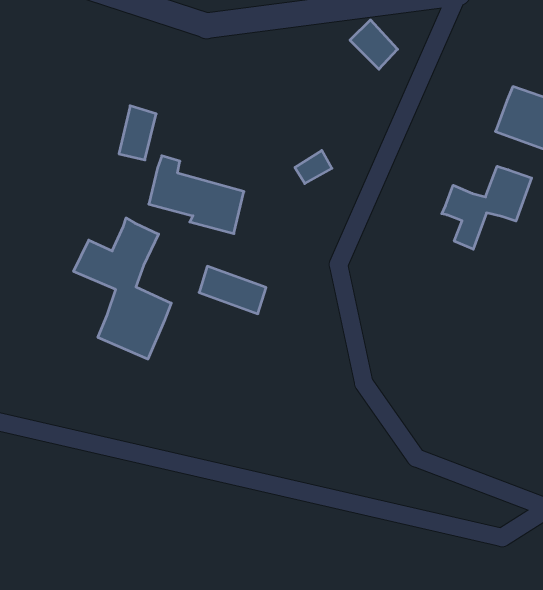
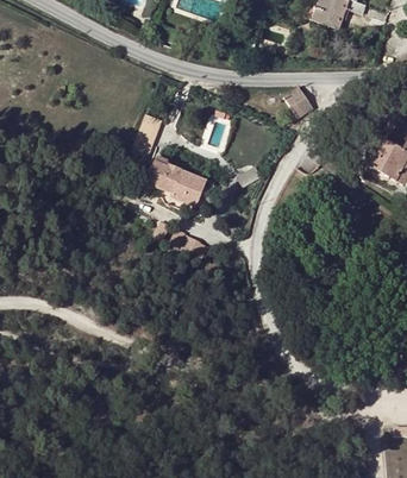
building: [442,166,532,249] -> none
building: [74,218,171,359] -> none

